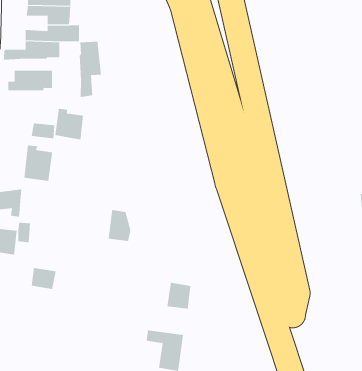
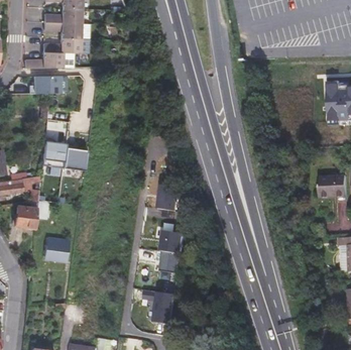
building: [79,41,101,98] -> none
building: [54,108,84,140] -> [62,143,86,169]
building: [108,209,131,241] -> [156,183,176,209]
building: none -> [158,229,182,252]

